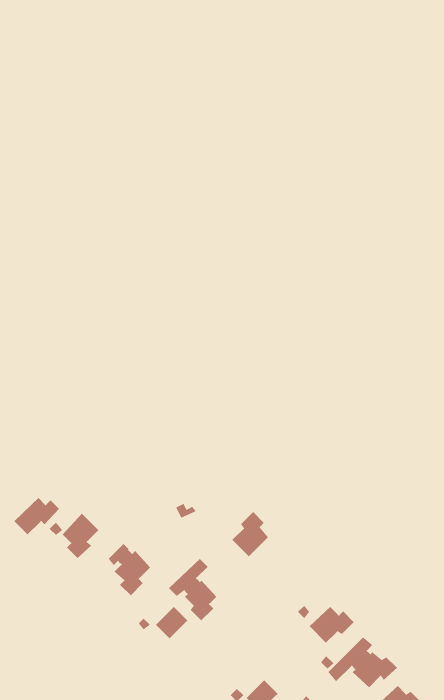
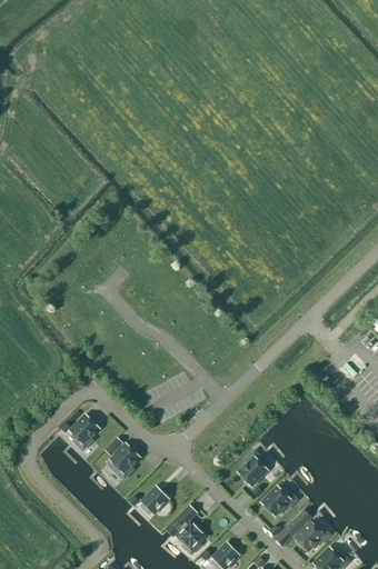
building: [13,497,60,535] -> none
building: [232,511,269,557] -> [238,450,267,486]
building: [168,558,217,621] -> [166,506,203,555]

